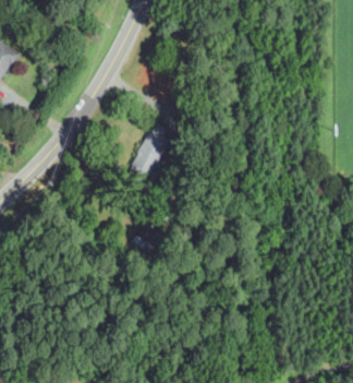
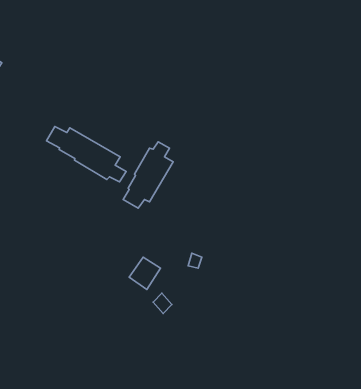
building: none -> [47,126,126,182]

